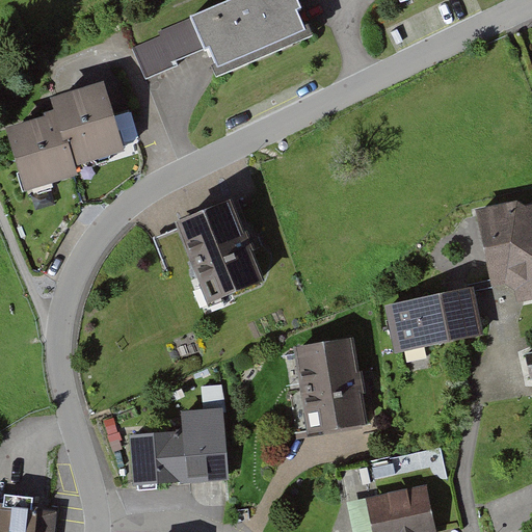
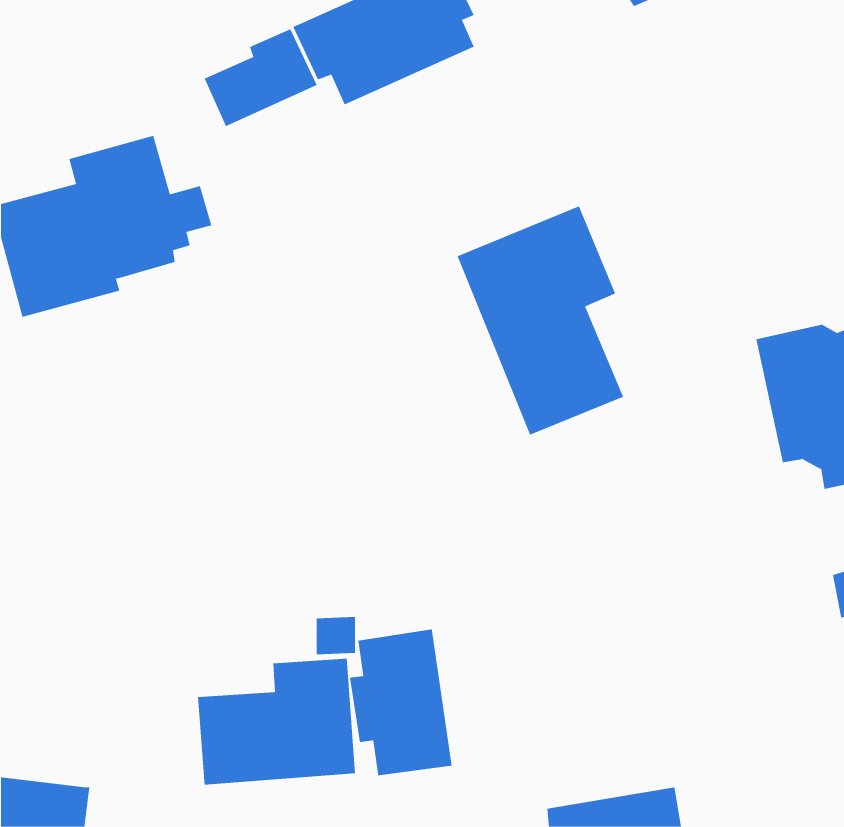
building: none -> [457,205,624,436]
building: [176,204,264,307] -> none
building: [387,289,483,353] -> none
building: [297,341,362,432] -> [349,629,453,776]

